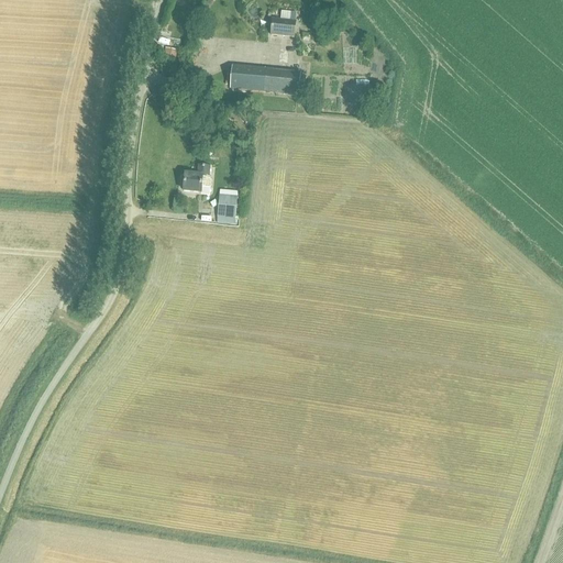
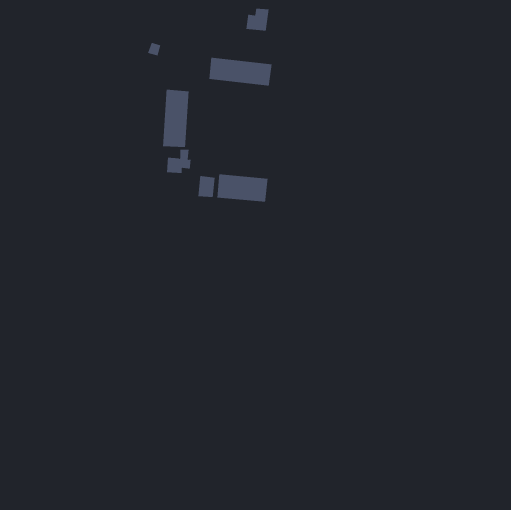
building: none -> [163,89,189,148]
building: none -> [217,174,268,203]

